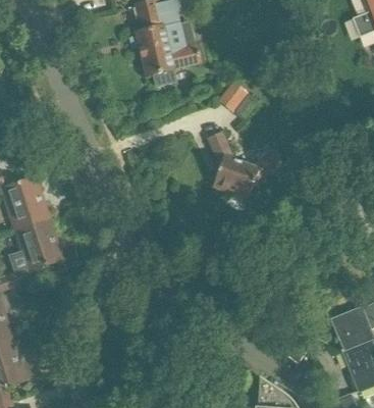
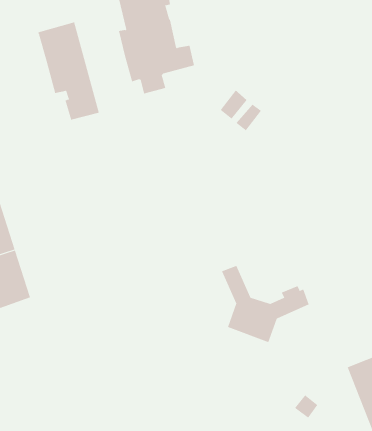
building: none -> [38,22,100,120]
building: [208,131,283,197] -> [221,265,310,343]

